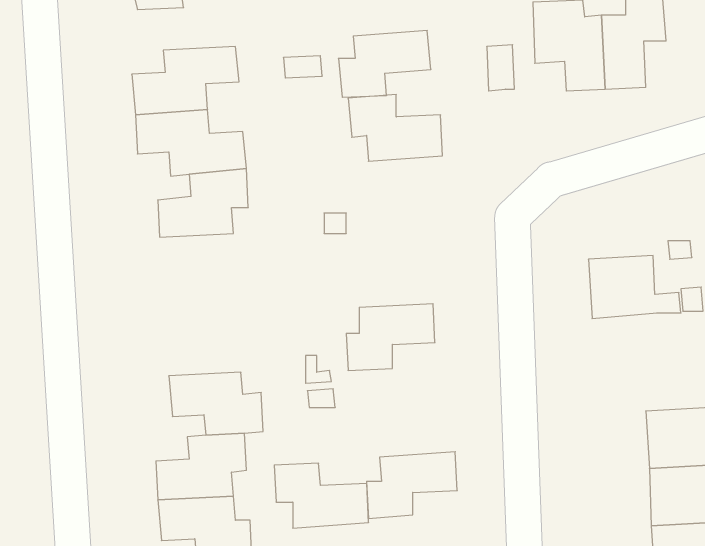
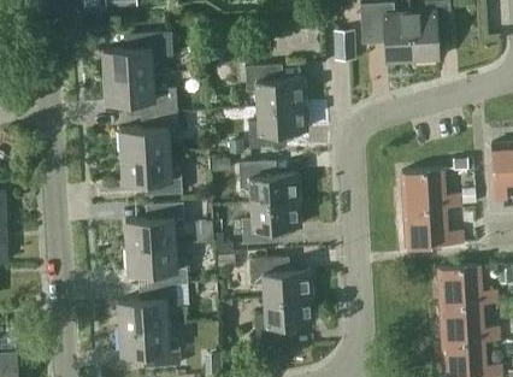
building: [338,31,431,97] -> [247,104,307,147]
building: none -> [120,154,183,195]
building: none -> [237,161,299,202]
building: none -> [125,202,184,247]
building: none -> [402,206,462,247]
building: [274,463,369,528] -> [252,258,313,300]

